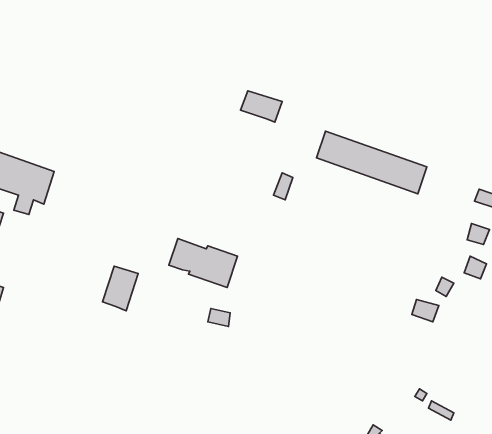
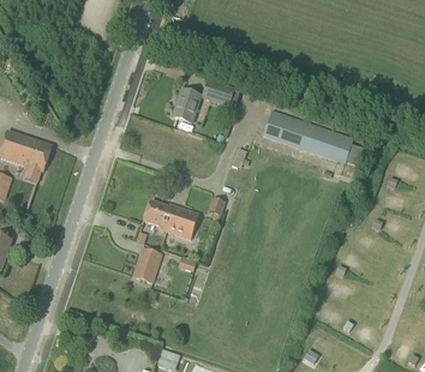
building: none -> [173,88,200,121]
building: [102,266,138,311] -> [133,246,162,282]

